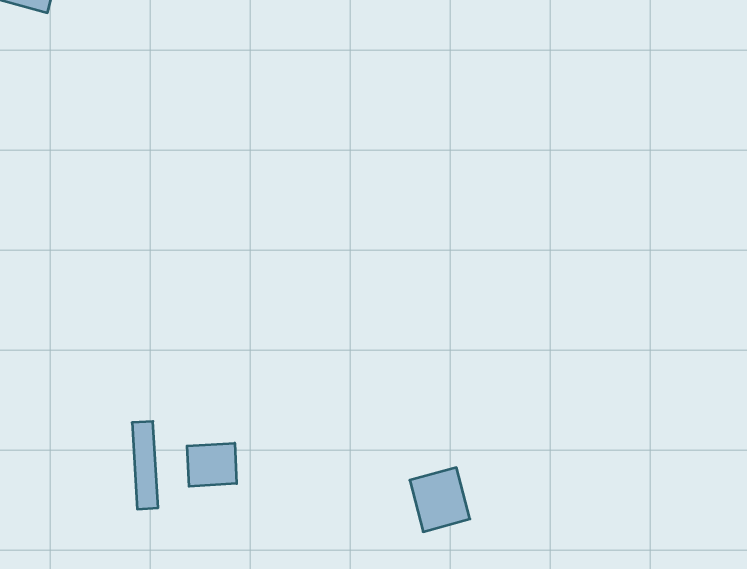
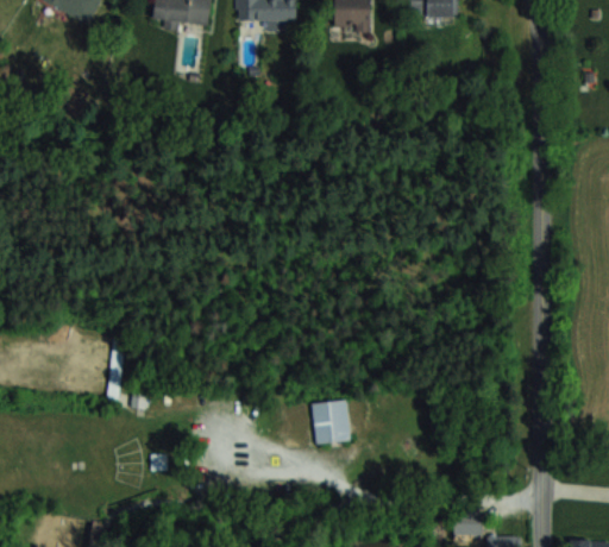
building: [187,443,237,486] -> none

